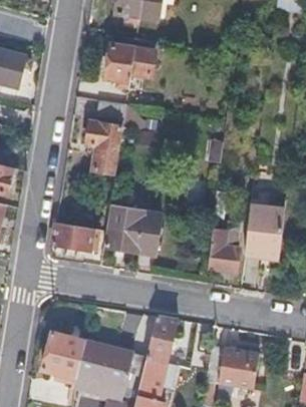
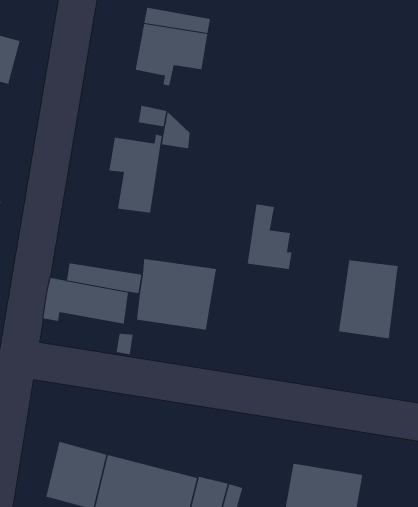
building: [208,229,239,274] -> [247,204,292,270]
building: [146,316,179,361] -> none

